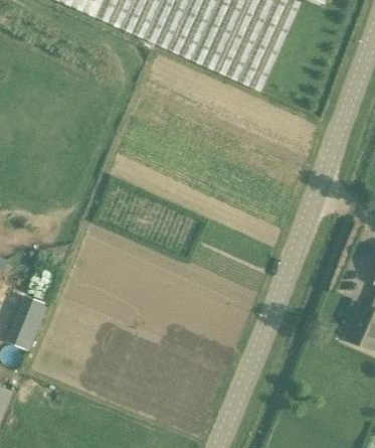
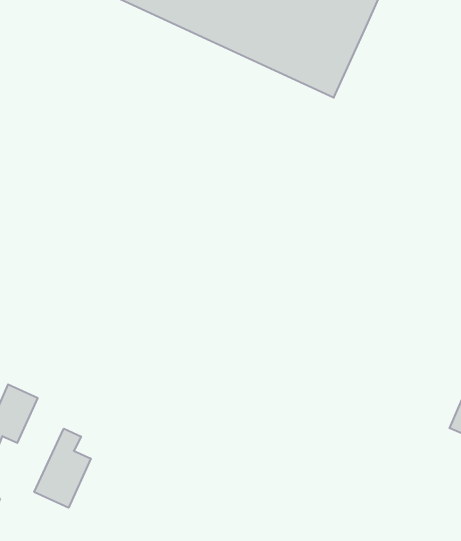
building: none -> [34,429,91,508]

